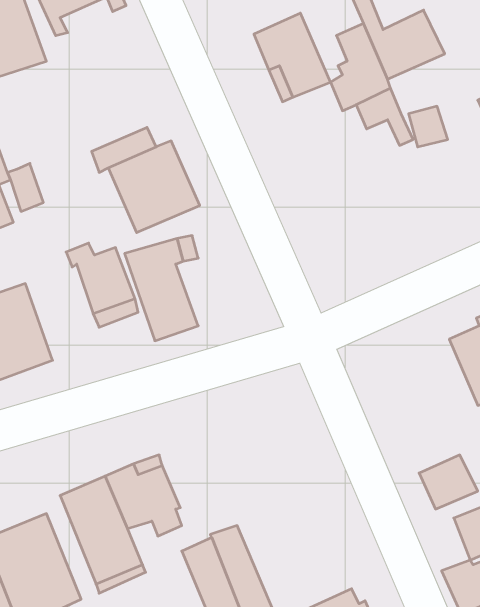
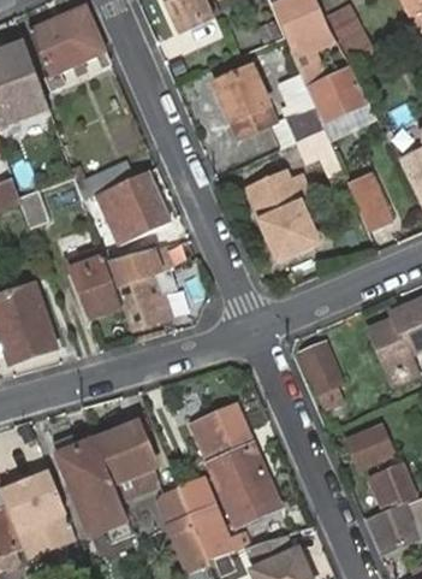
building: none -> [248,171,317,258]
building: none -> [347,172,390,231]
building: none -> [308,343,345,409]
building: none -> [191,404,280,525]

